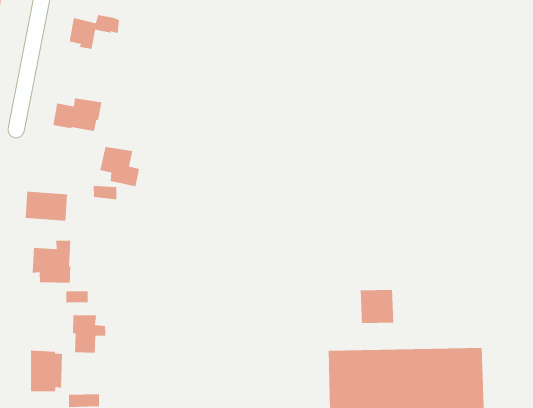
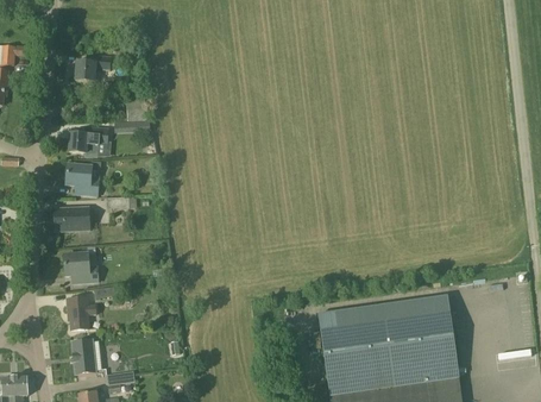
building: [99,146,140,187] -> [65,163,99,194]
building: [360,289,394,324] -> none
building: [72,315,106,353] -> [67,295,96,328]

